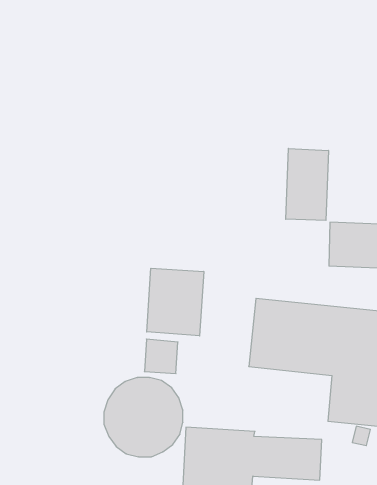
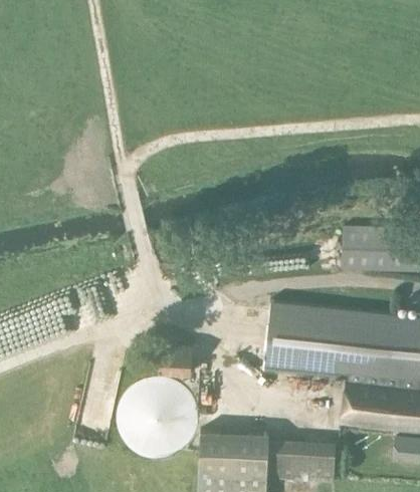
building: [286,148,328,220] -> none
building: [147,268,204,336] -> none

